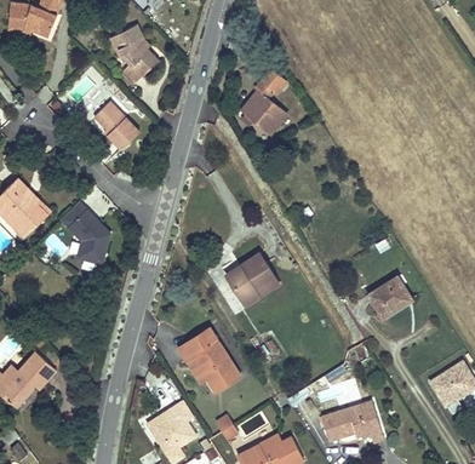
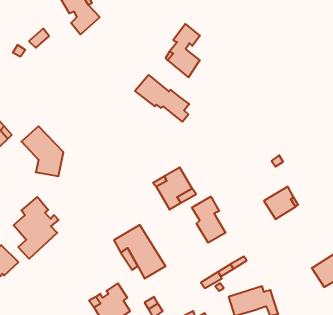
building: [93,101,137,151] -> none
building: none -> [135,75,189,122]
building: none -> [192,197,226,243]
building: none -> [14,197,59,259]

